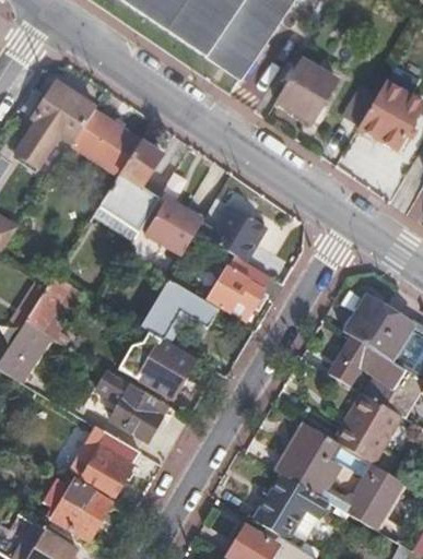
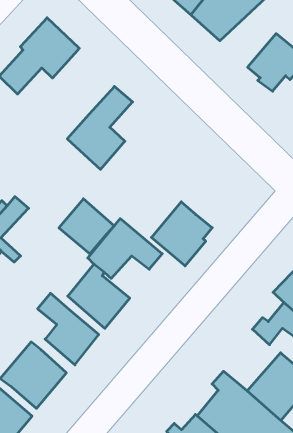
building: [71,111,140,177] -> none
building: [145,200,203,257] -> [59,199,114,254]
building: [211,205,268,263] -> none

